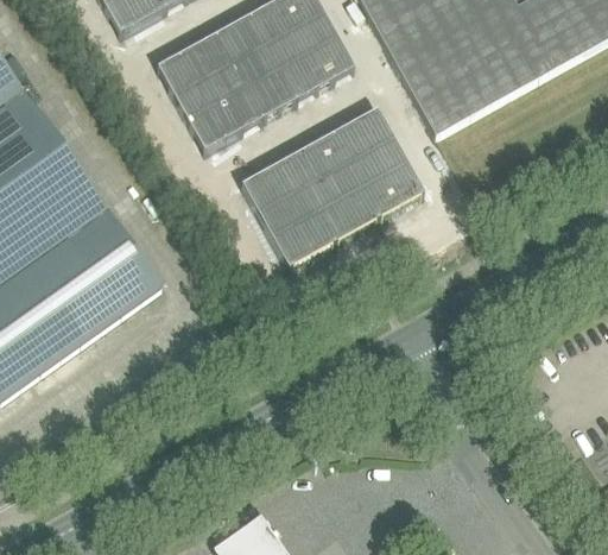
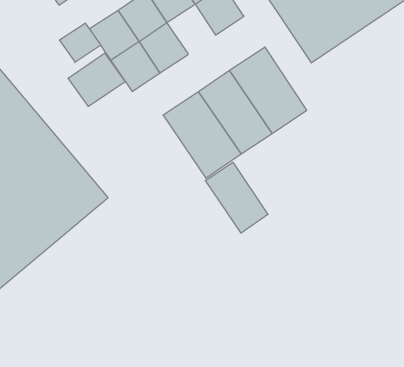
building: [254,45,315,108] -> none
building: none -> [60,23,101,63]
building: none -> [68,52,125,106]
building: none -> [205,162,268,233]

